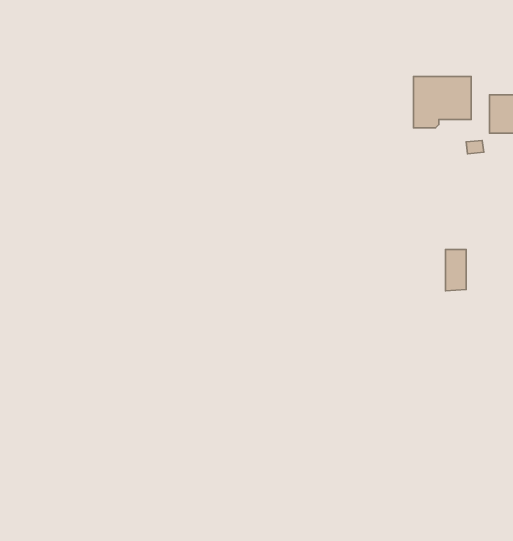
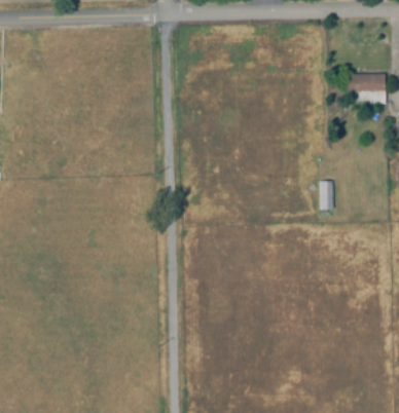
building: [413,77,471,128] -> none

